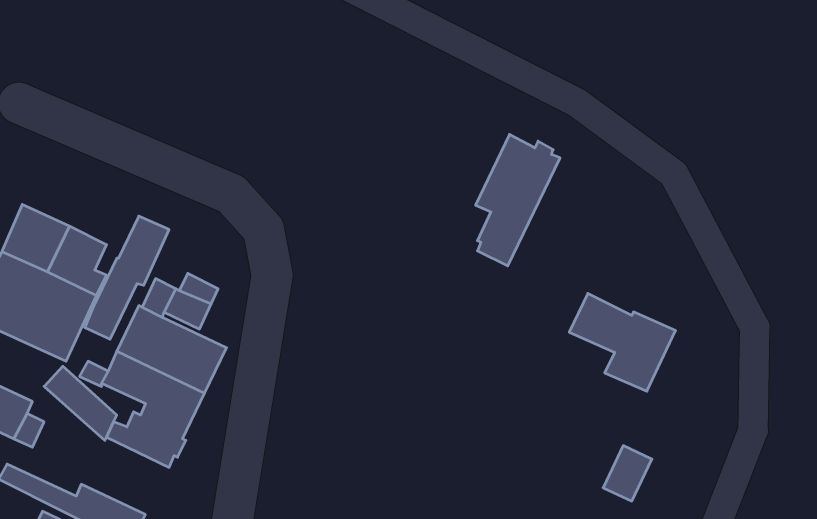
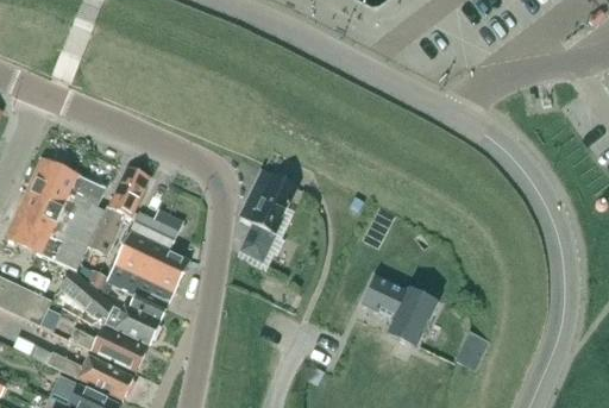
building: [476,134,560,266] -> [237,170,296,263]
building: [569,293,676,391] -> [360,276,435,345]
building: none -> [67,326,144,371]

